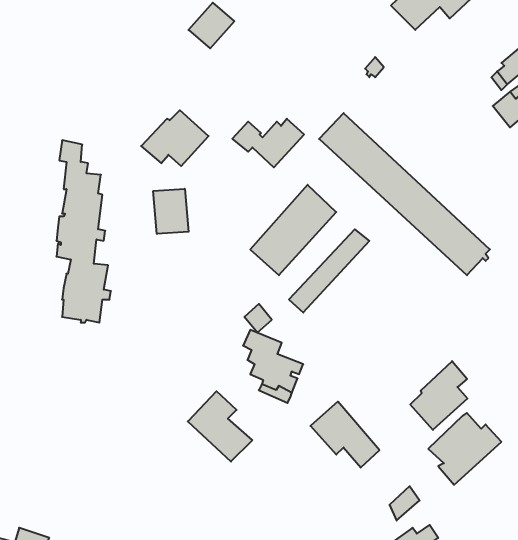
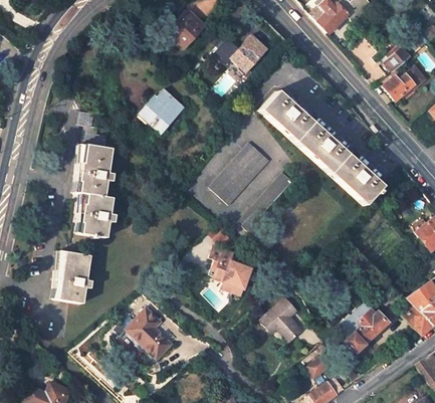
building: [232,119,304,167] -> [218,38,268,72]
building: [153,189,189,234] -> none
building: none -> [53,251,89,304]
building: [410,361,467,430] -> none
building: [188,391,252,462] -> [129,307,174,356]

